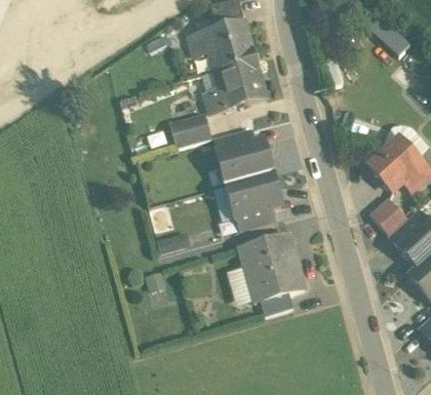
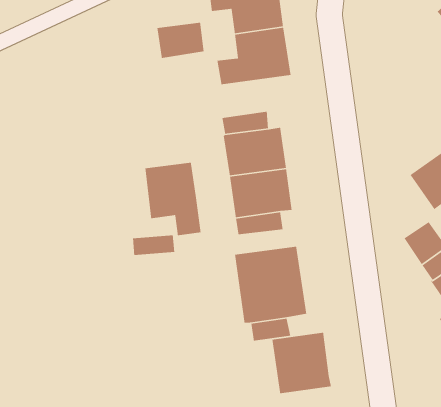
building: [170,115,211,149] -> [156,22,205,59]
building: none -> [145,162,201,236]
building: none -> [272,332,332,394]

